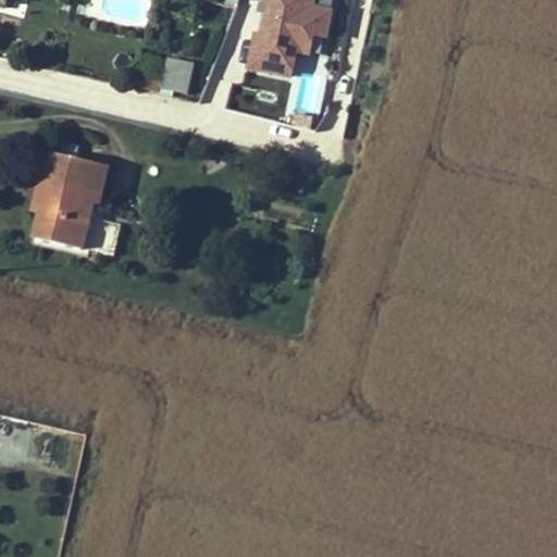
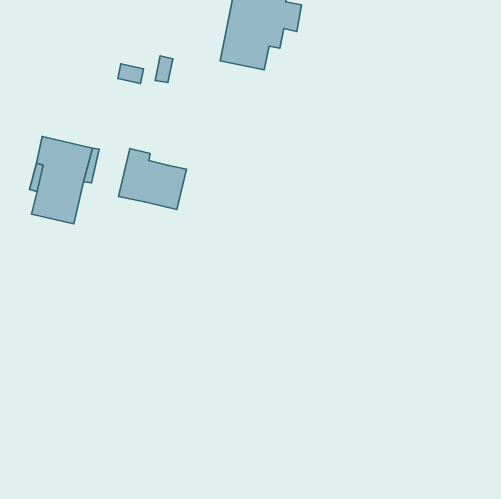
building: none -> [119,149,187,209]

